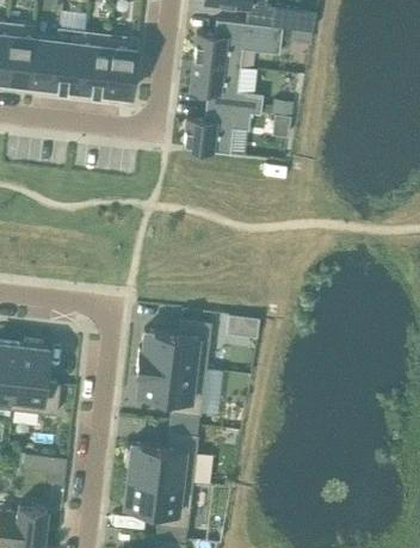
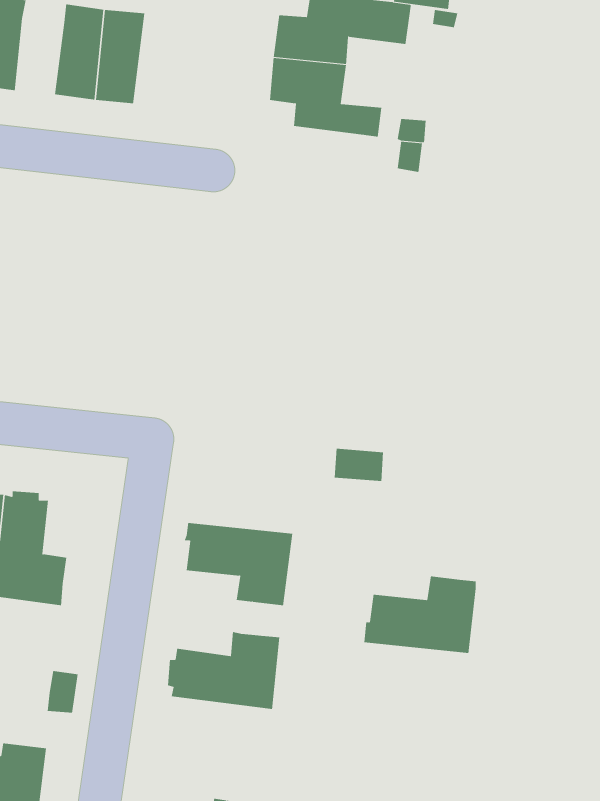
building: [104,35,137,97] -> none
building: [27,38,58,87] -> none
building: [184,107,252,155] -> none
building: [138,320,211,370] -> [364,576,477,653]
building: [124,475,193,530] -> none

